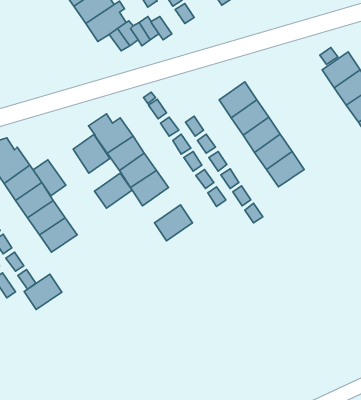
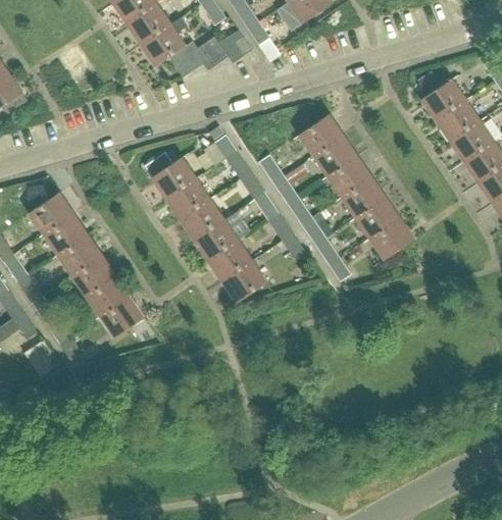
building: [73,134,110,173] -> none
building: [33,160,66,196] -> none
building: none -> [368,218,413,260]
building: [94,173,132,208] -> [207,240,252,281]
building: [24,274,62,309] -> [99,296,144,337]

